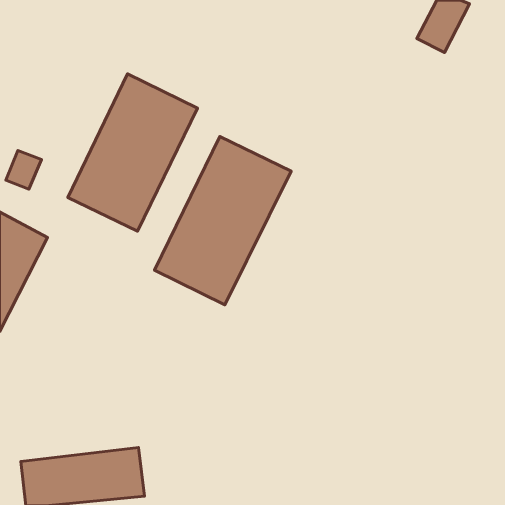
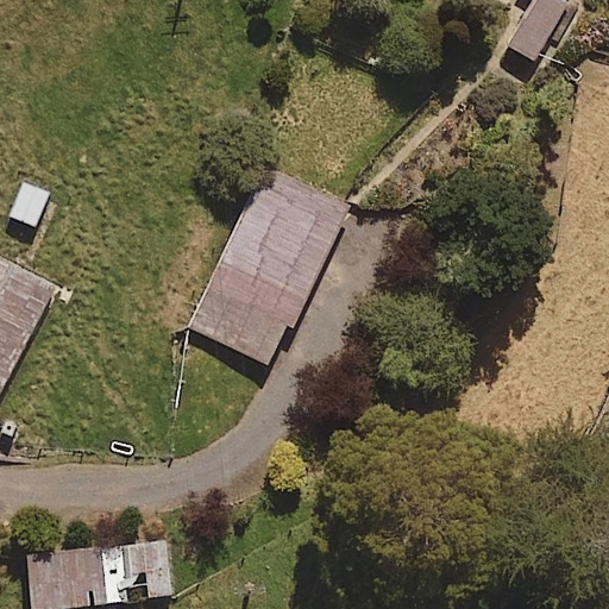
building: [68,74,198,231] -> none

